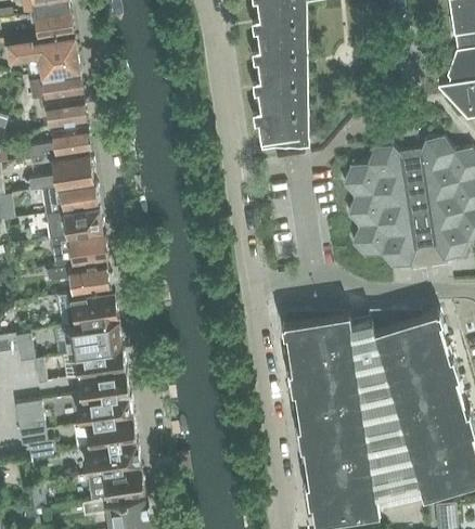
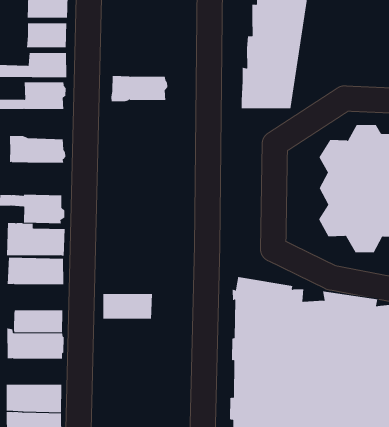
building: [42,182,98,215] -> [111,75,168,102]
building: [52,235,107,267] -> none
building: [74,347,125,378] -> [102,293,153,319]
building: [85,417,136,449] -> none

